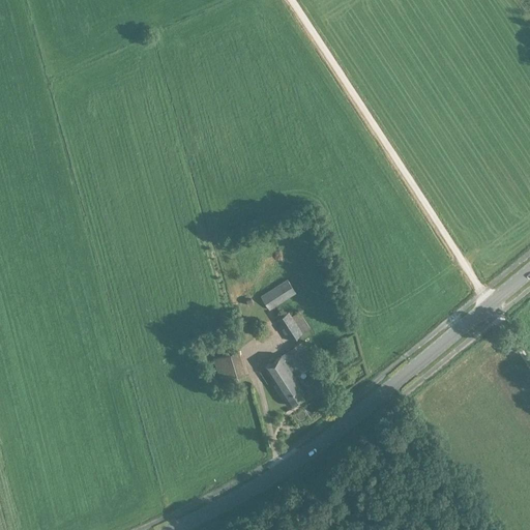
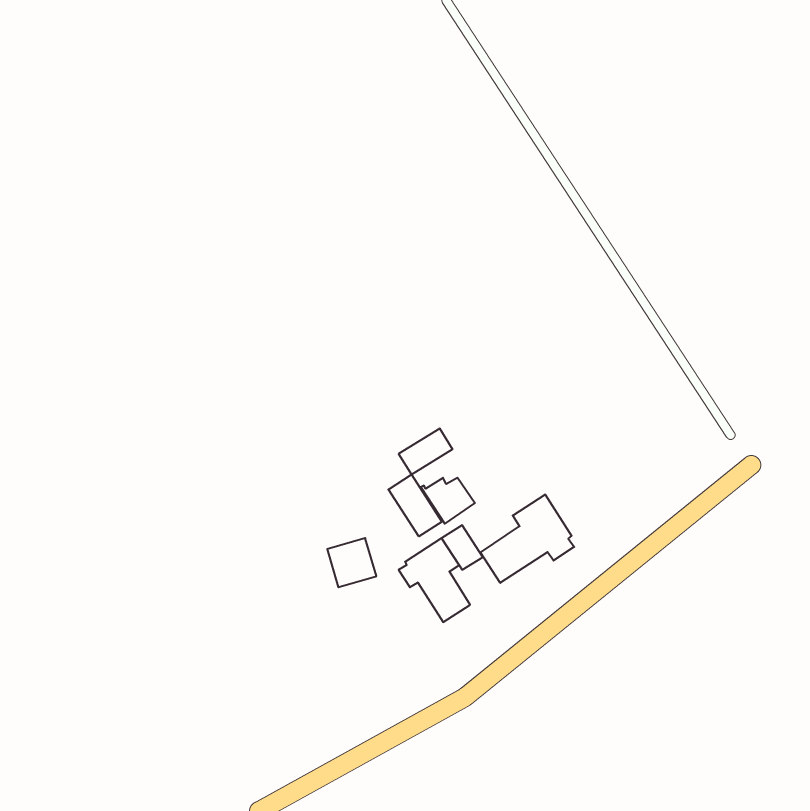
building: none -> [388,475,442,536]
building: none -> [481,494,574,583]

